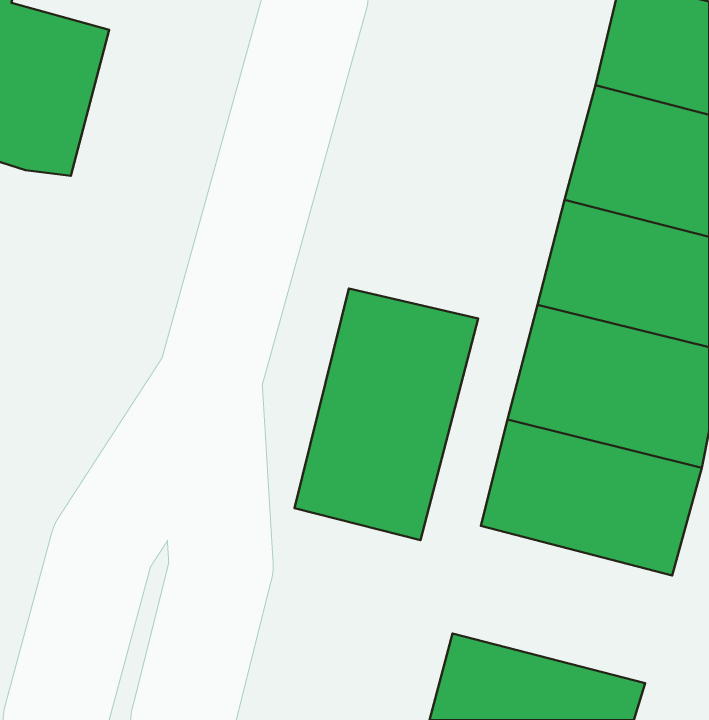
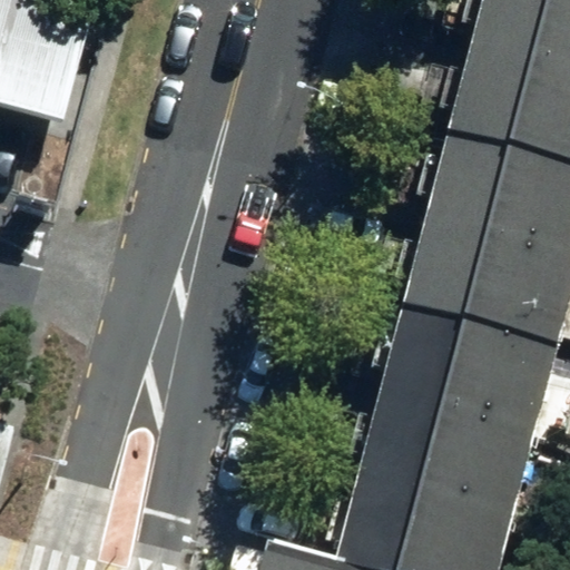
building: [294,289,478,540] -> none
building: none -> [355,413,528,537]

